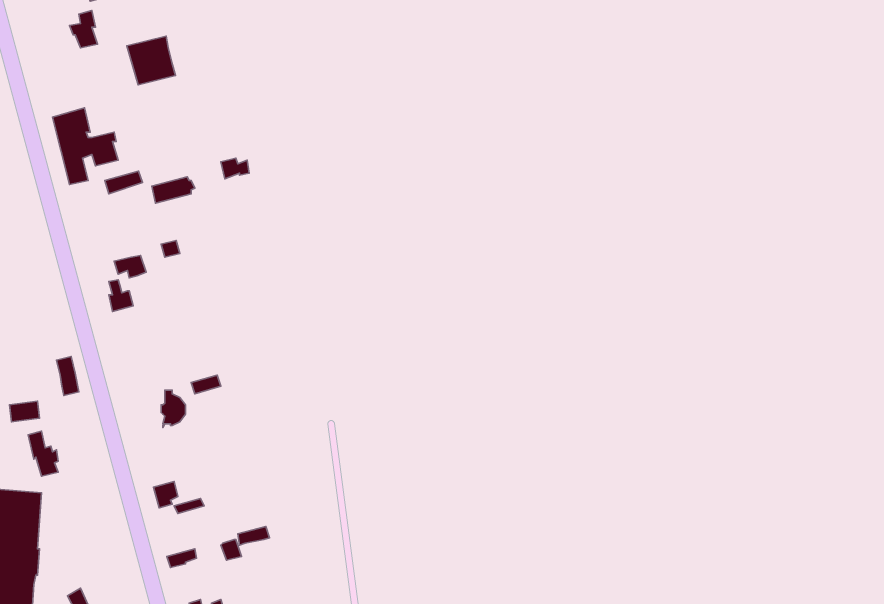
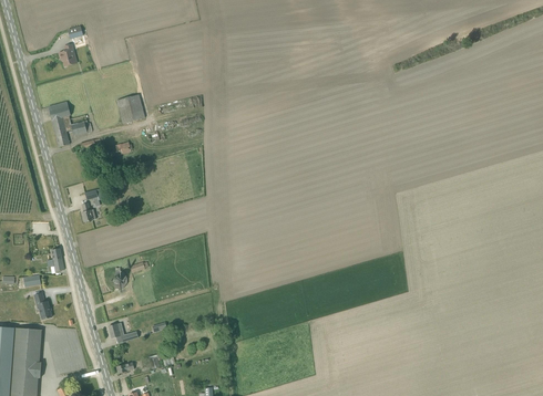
building: [127,36,176,85] -> [115,94,144,123]

